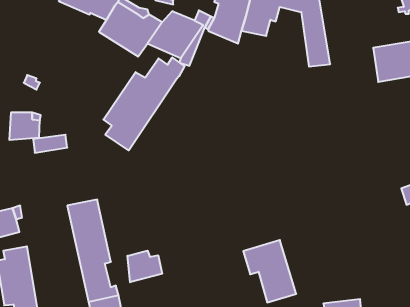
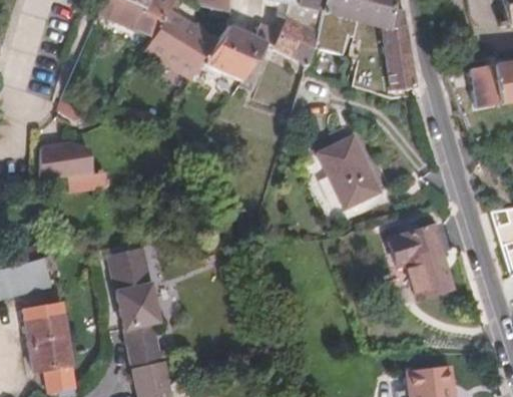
building: [103,57,185,150] -> none
building: none -> [318,134,382,208]
building: [243,240,296,302] -> [390,225,452,298]
building: [127,251,162,282] -> none

